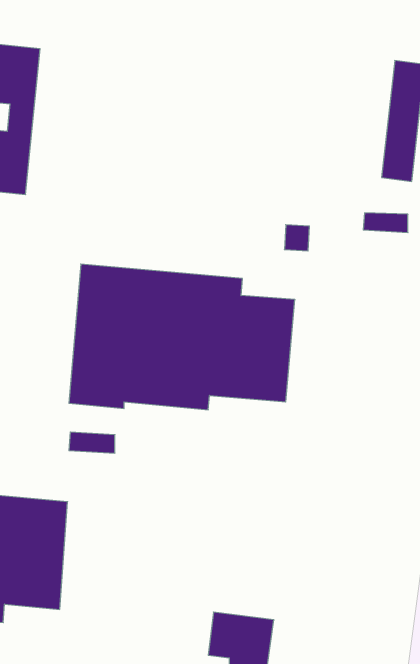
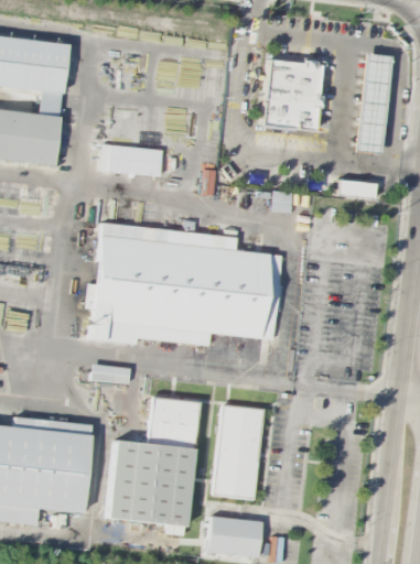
building: none -> [263,58,323,131]
building: none -> [101,144,163,177]
building: none -> [109,395,200,535]
building: none -> [215,404,265,498]

